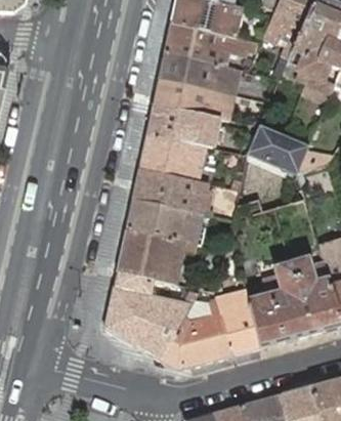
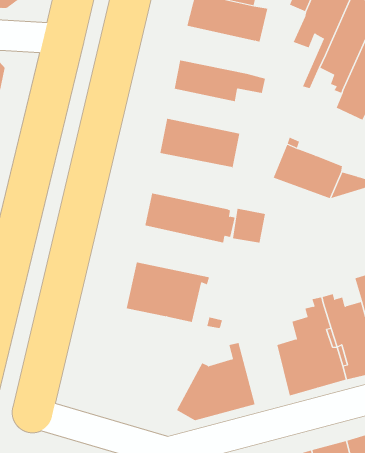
building: [164,26,261,68] -> none
building: [153,81,235,123] -> none
building: [139,137,209,186] -> none
building: [126,201,203,247] -> none
building: [104,273,198,363] -> none
building: [215,282,260,357] -> none

